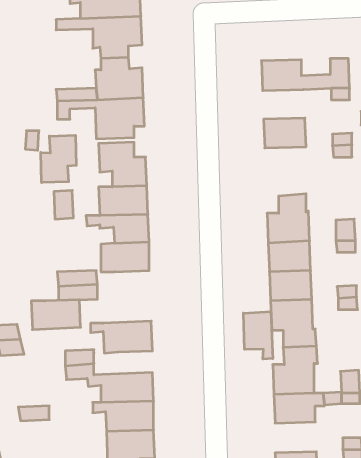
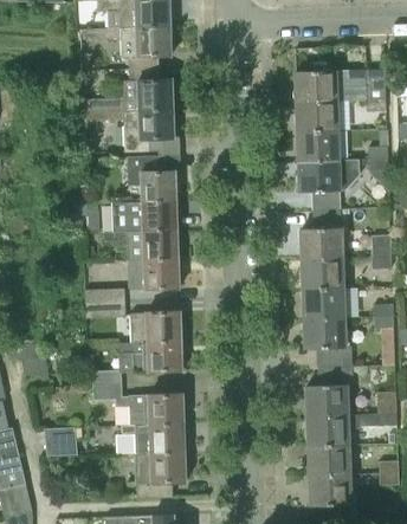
building: none -> [296,102,340,132]
building: [41,135,76,183] -> none
building: none -> [298,161,361,212]
building: [31,300,81,330] -> [130,312,181,343]
building: [243,312,273,359] -> none
building: none -> [309,445,351,477]

